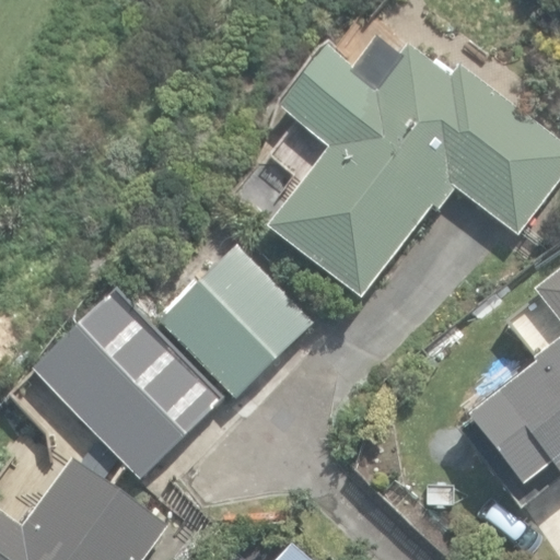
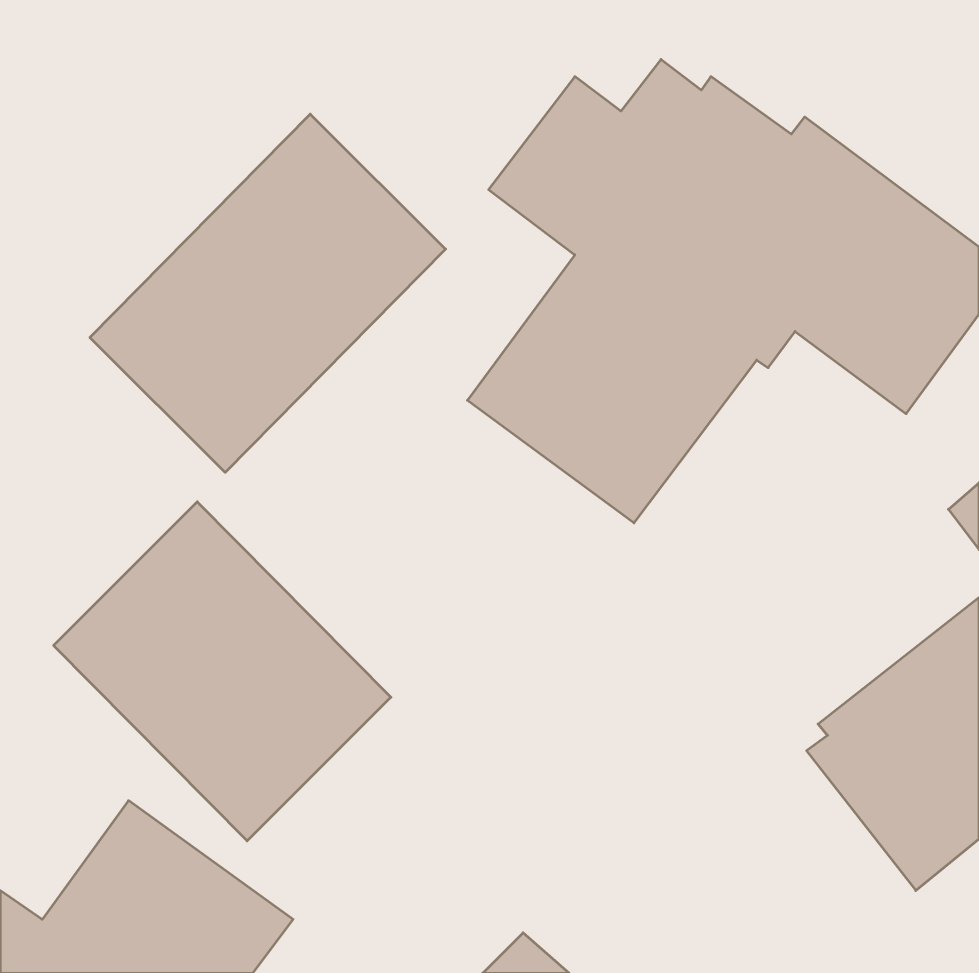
building: none -> [90,114,446,472]
building: [158,231,325,396] -> none

